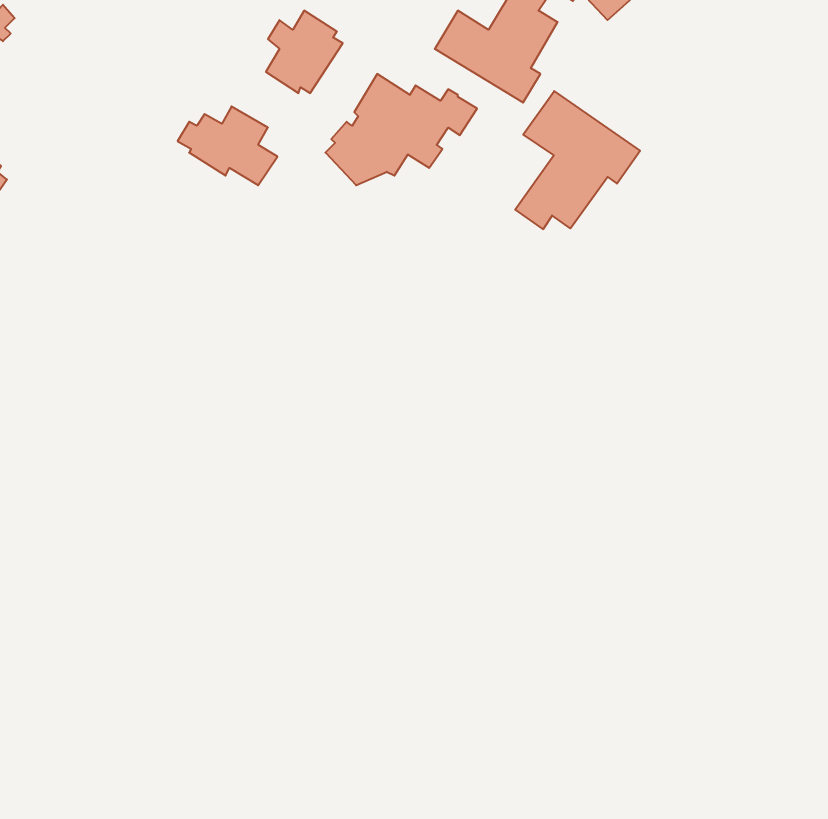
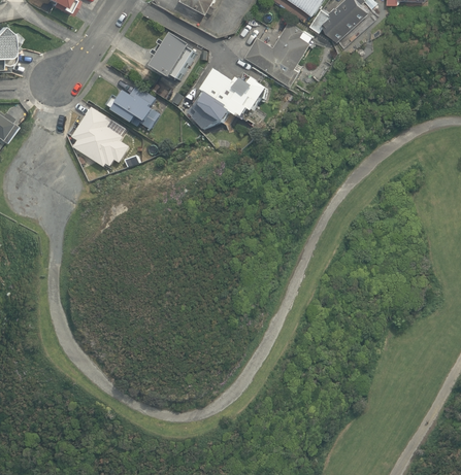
building: [515,91,640,229] -> none
building: none -> [70,106,129,167]

